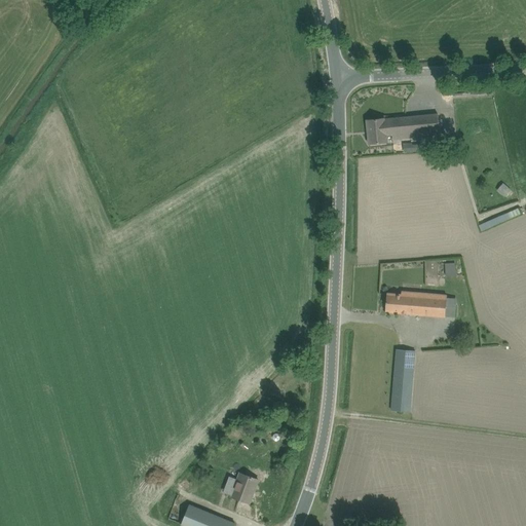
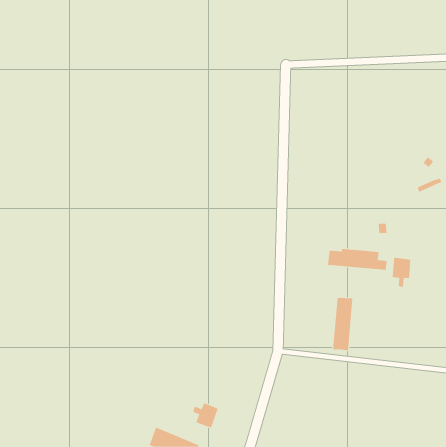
building: [366,114,439,144] -> none
building: none -> [392,257,411,288]

